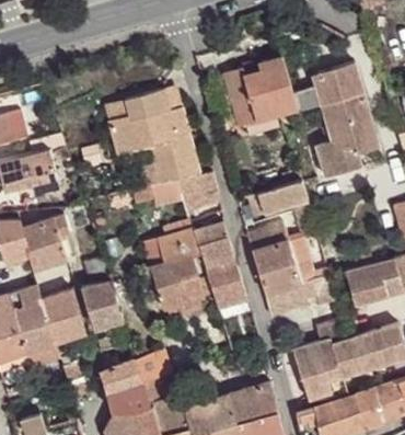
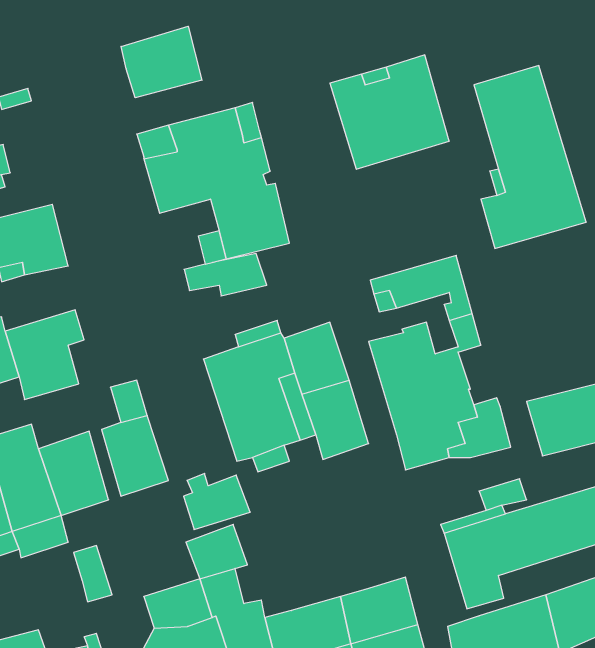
building: none -> [121,26,202,98]
building: [176,172,219,209] -> none
building: [100,358,141,393] -> [184,473,250,530]

